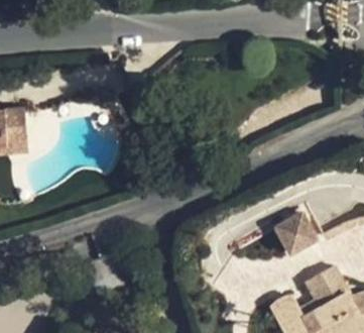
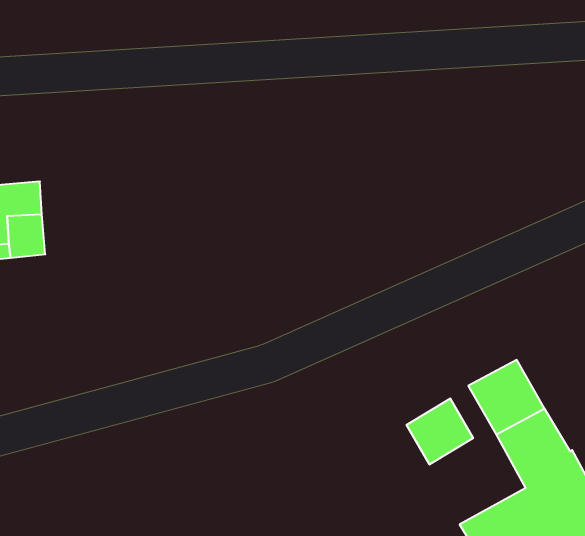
building: none -> [407,398,473,465]

